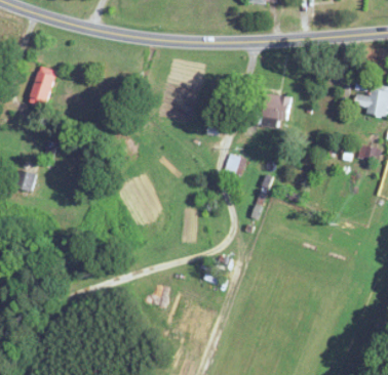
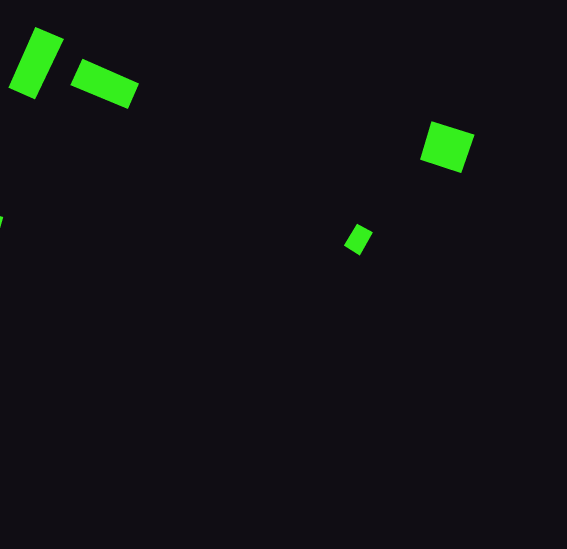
building: none -> [69,58,140,110]

